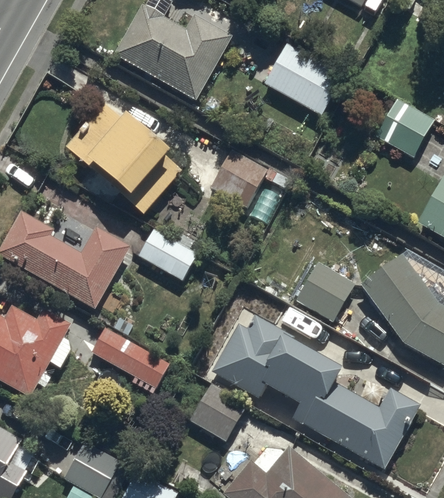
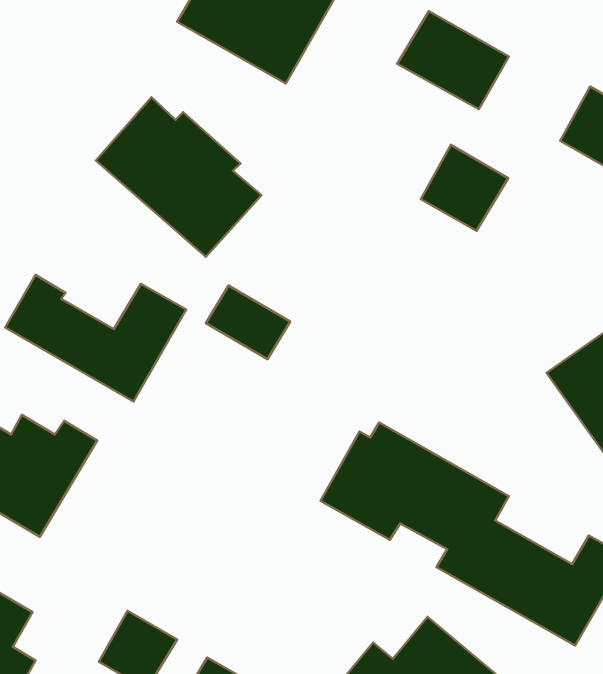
building: [207,150,265,207] -> [421,145,508,231]
building: [299,263,357,319] -> none
building: [90,327,165,386] -> none
building: [191,385,244,439] -> none

